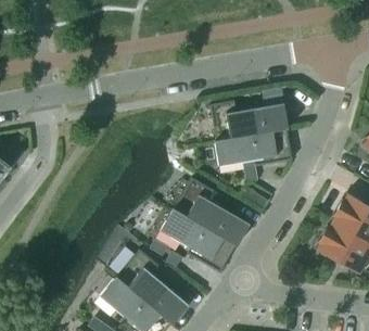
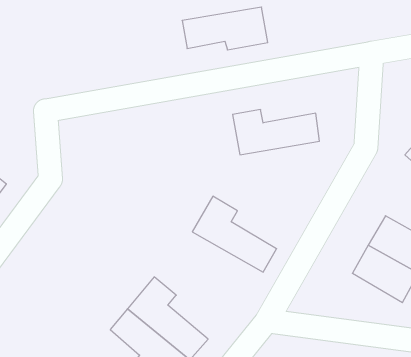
building: [216,129,292,167] -> [182,7,268,50]
building: [162,209,237,273] -> none

